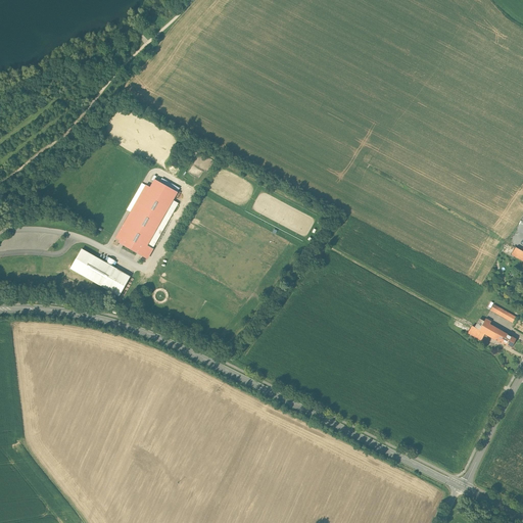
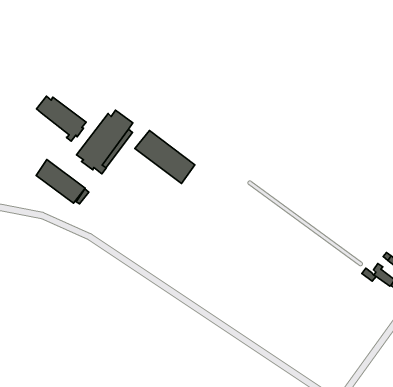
building: none -> [36,96,86,141]
building: none -> [135,131,195,183]

